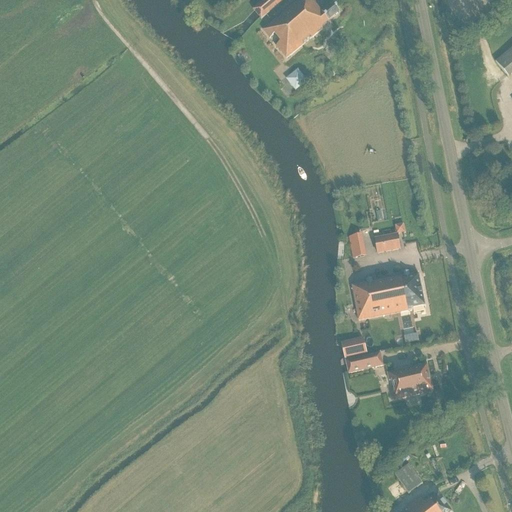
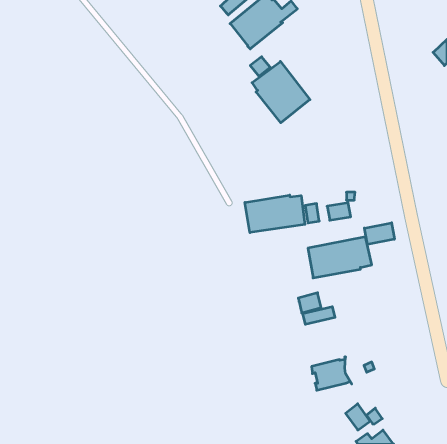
building: none -> [252,61,310,123]
building: none -> [245,195,305,233]
building: none -> [364,223,394,245]
building: [388,360,434,398] -> [312,357,352,390]

